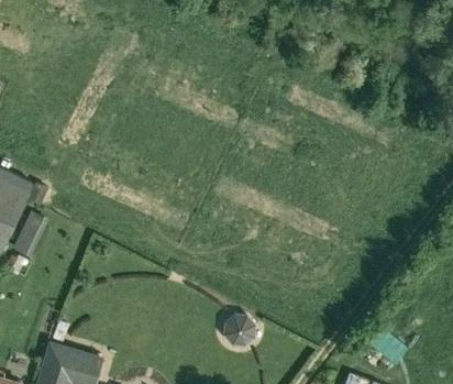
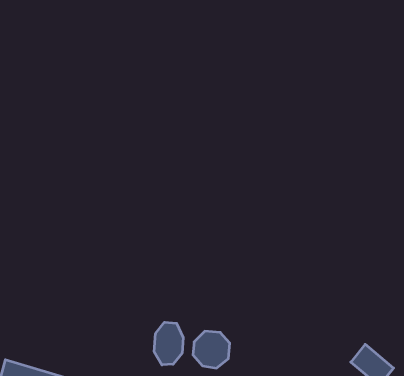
building: none -> [154,322,183,365]

